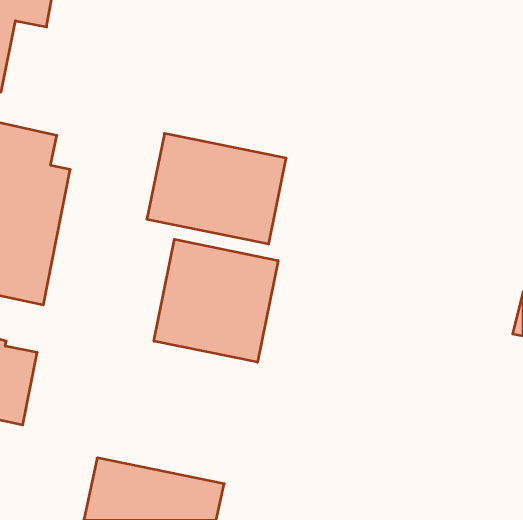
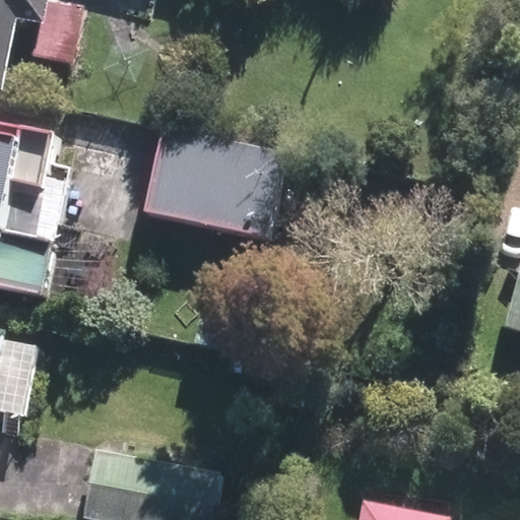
building: [154,239,278,362] -> none

